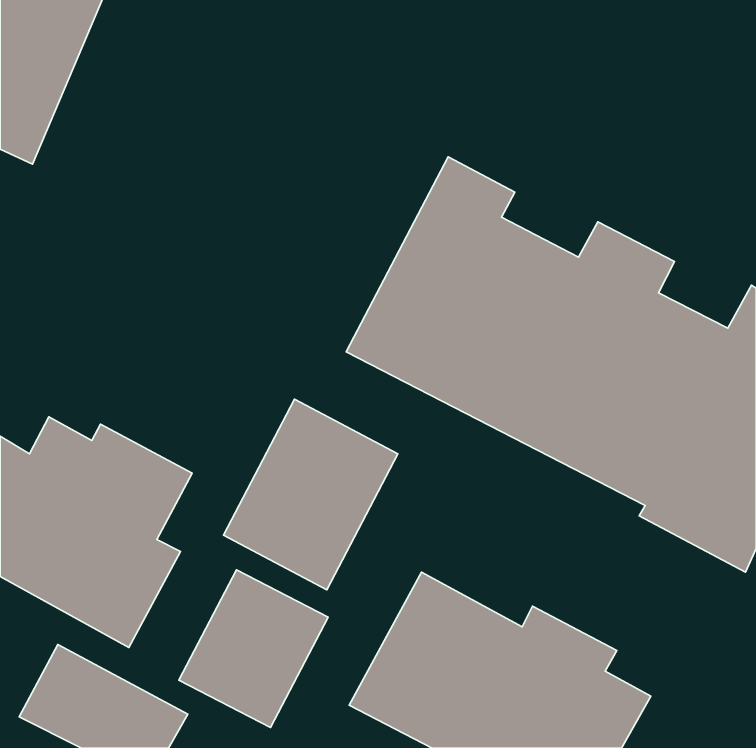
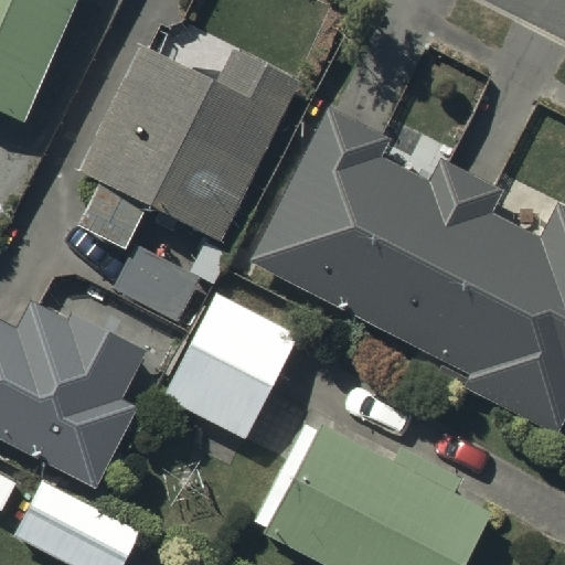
building: none -> [85,55,300,248]
building: [179,570,328,728] -> none

